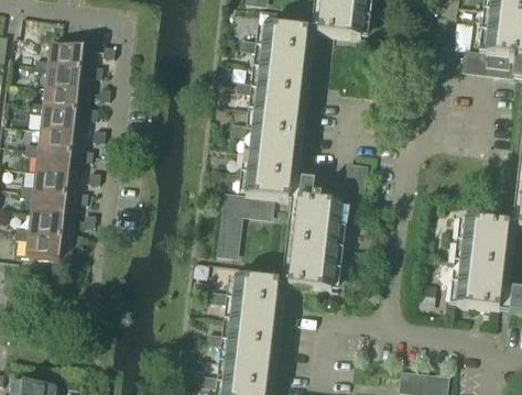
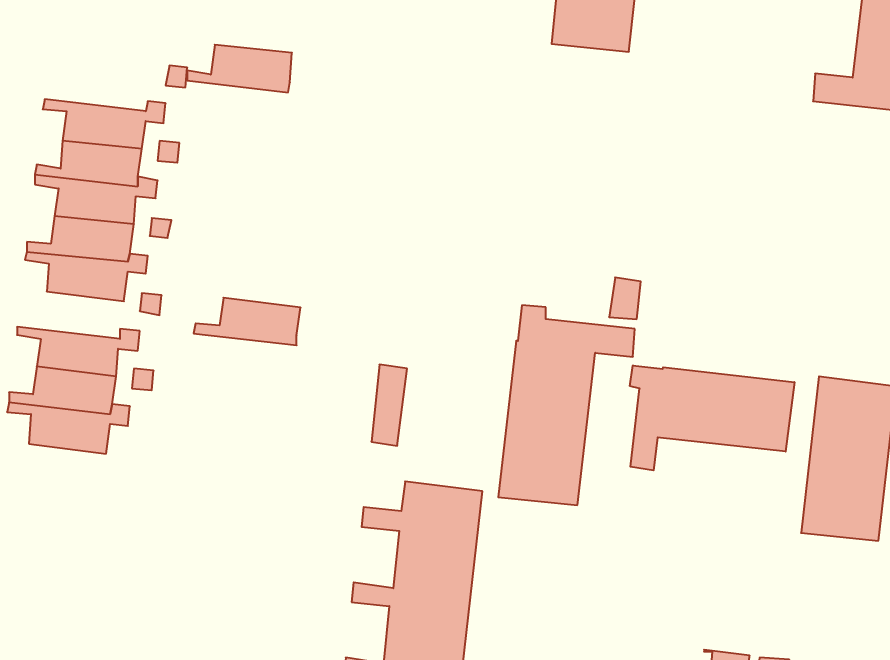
building: [221,23,307,211] -> none
building: [34,43,93,69] -> [187,45,292,92]
building: [19,169,78,196] -> [194,298,301,345]
building: none -> [630,365,794,470]

